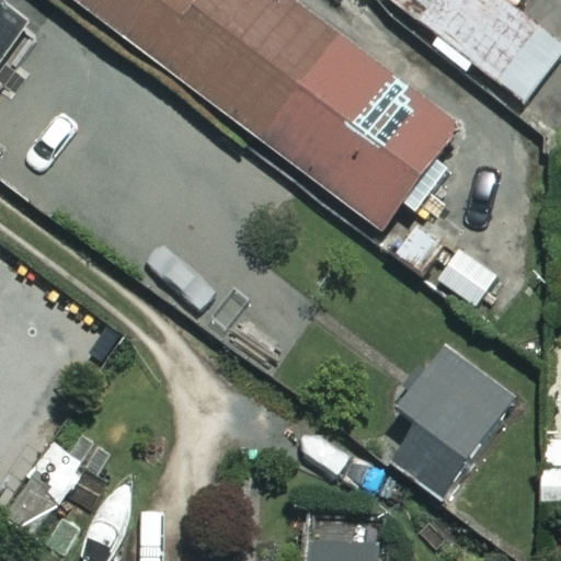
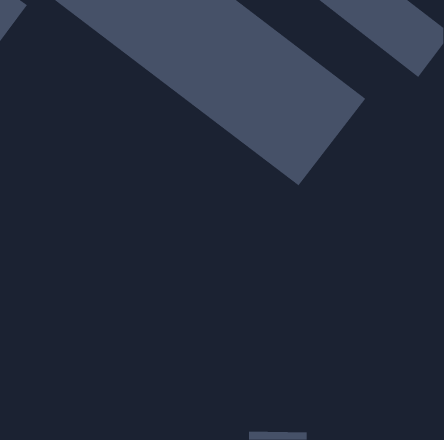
building: [393,345,514,490] -> none

